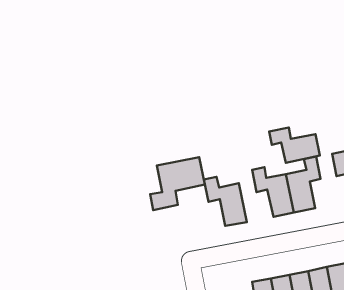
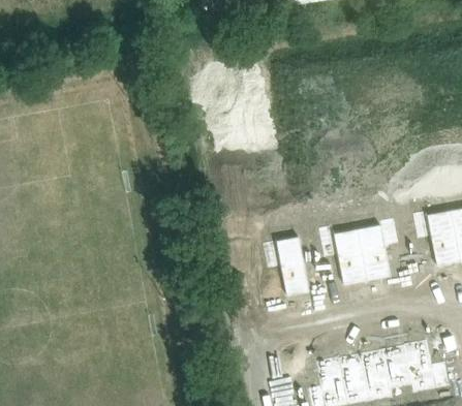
building: [269,127,320,163] -> none
building: [150,157,205,210] -> none

